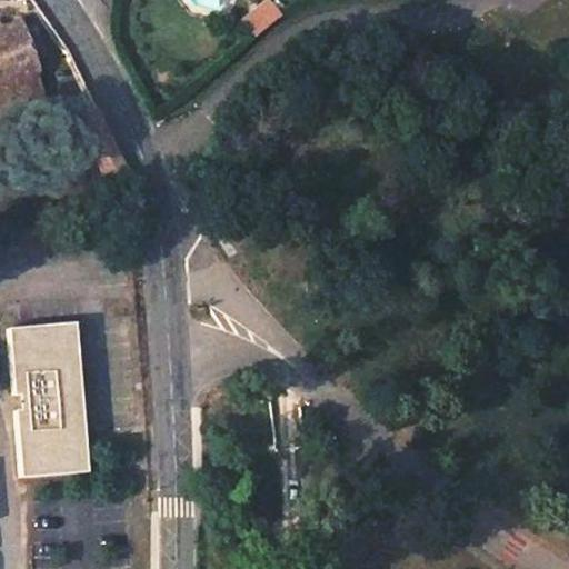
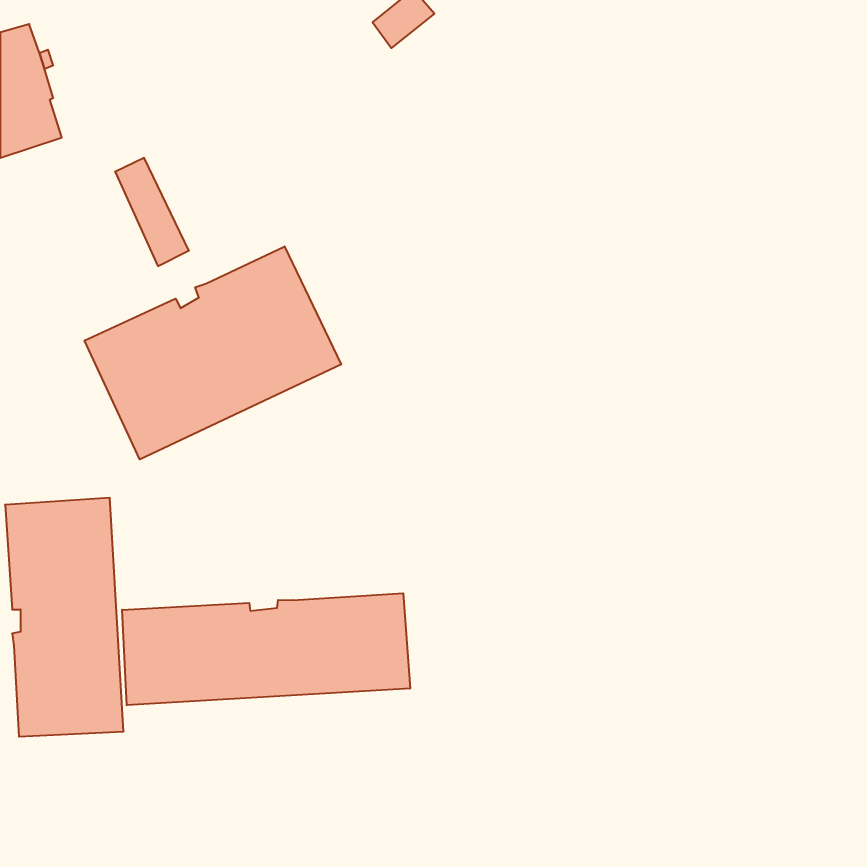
building: none -> [85,246,341,459]
building: none -> [122,593,410,705]

